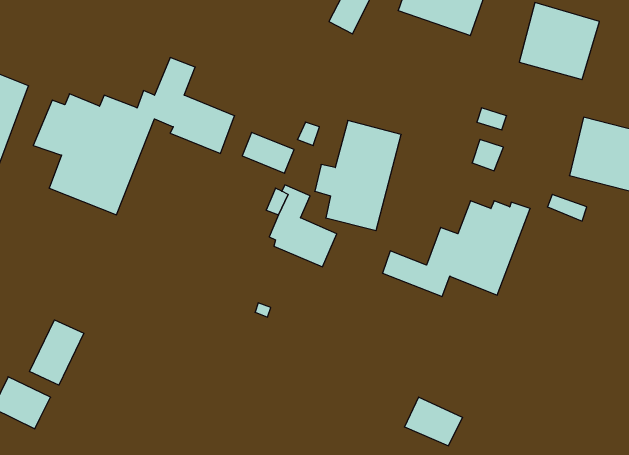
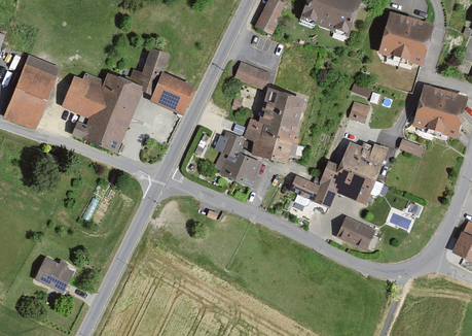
building: [242,132,294,173] -> [234,62,268,89]
building: [30,320,84,385] -> none
building: [404,397,463,446] -> [336,216,374,248]

